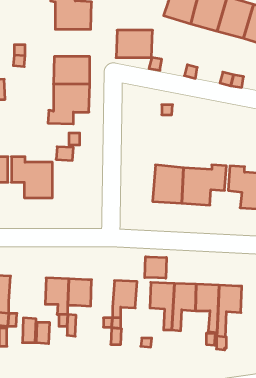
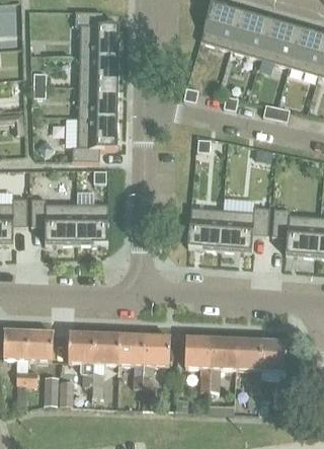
building: [116,30,153,58] -> [78,55,118,85]
building: none -> [76,203,107,242]
building: [145,257,166,278] -> none
building: none -> [27,329,53,359]
building: none -> [118,333,145,364]

